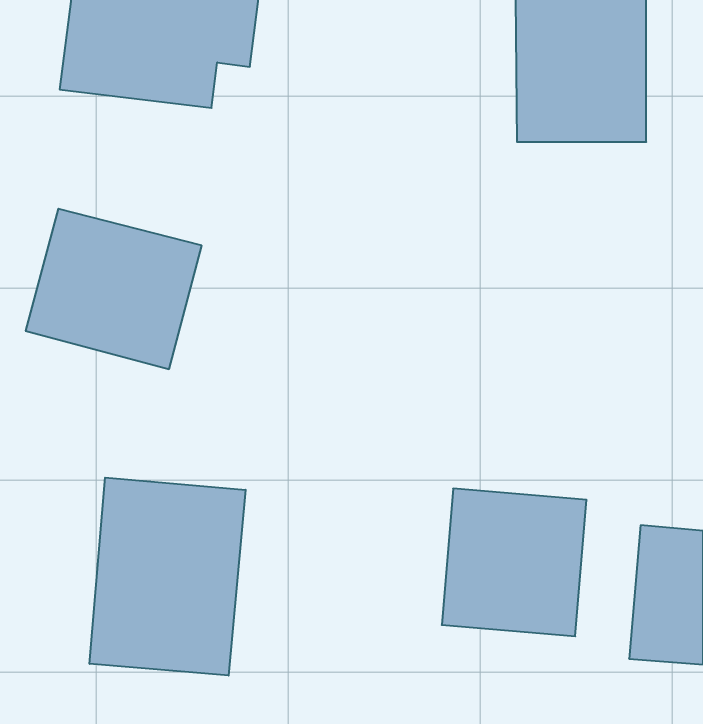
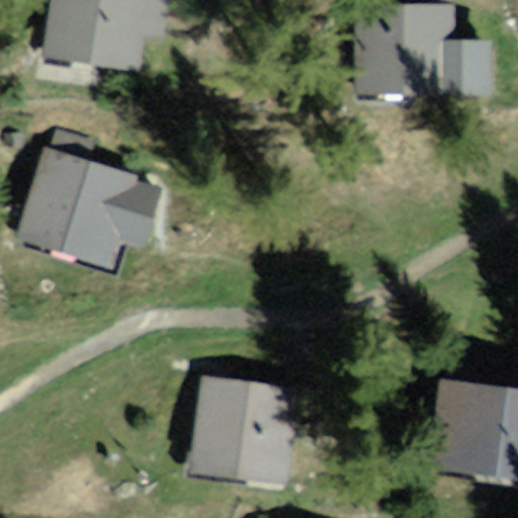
building: [90,478,246,676] -> none
building: [442,489,587,636] -> [204,378,308,484]

